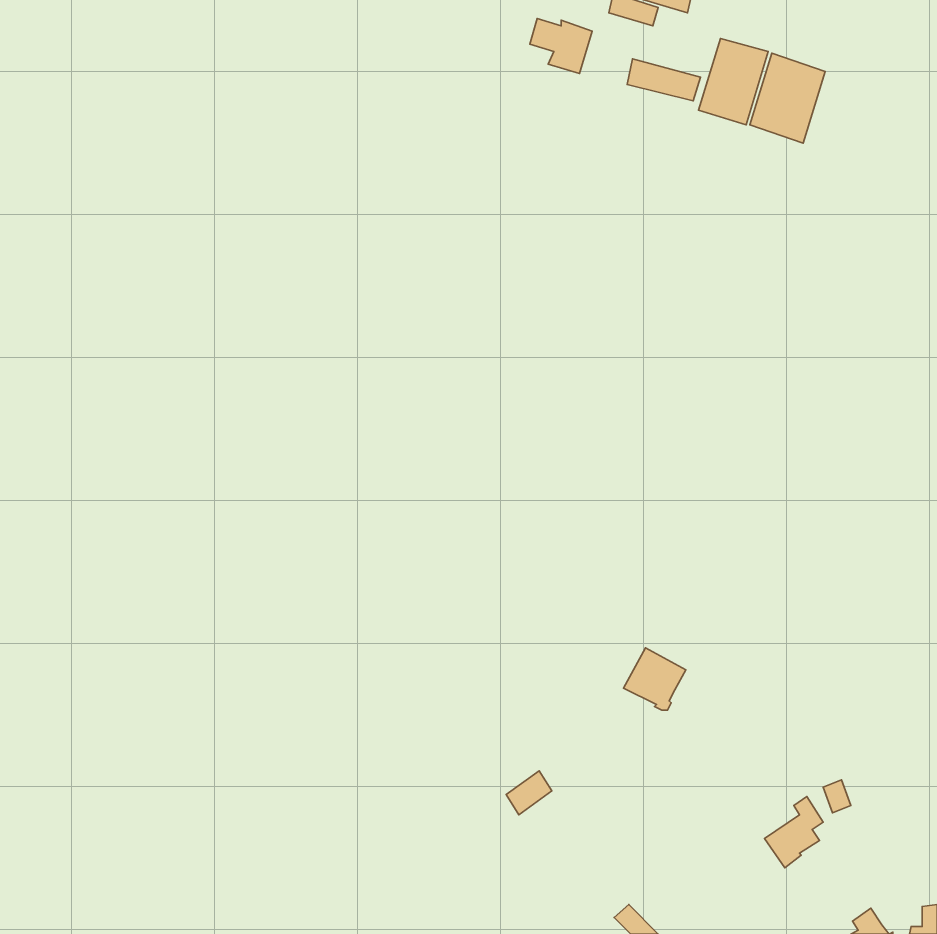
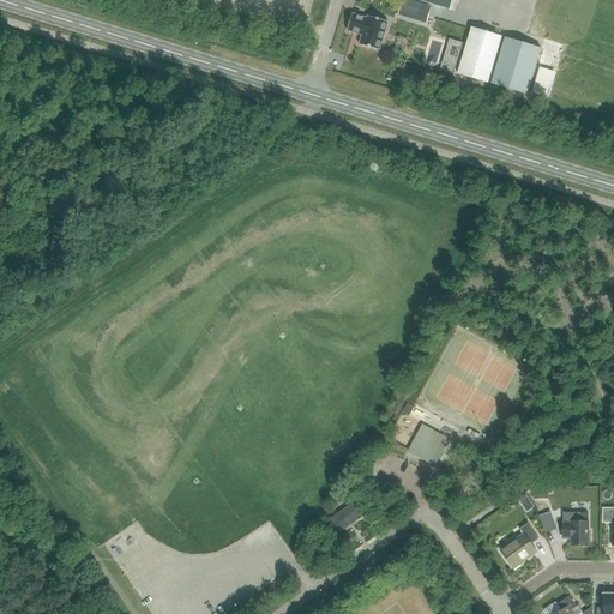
building: none -> [562,511,588,543]

